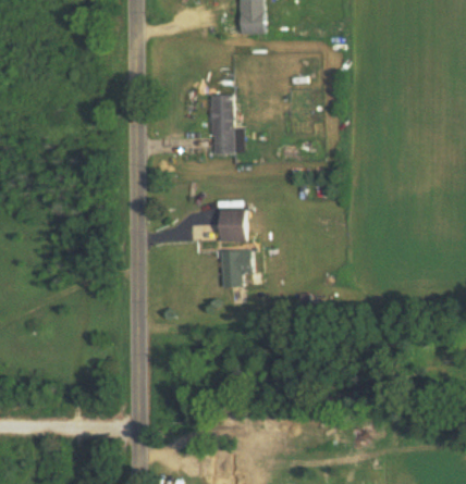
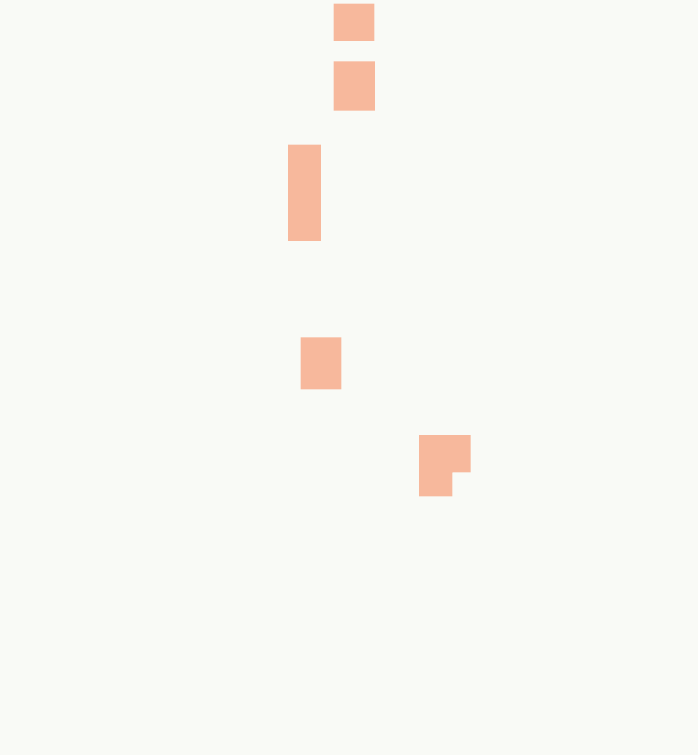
building: none -> [333,61,375,111]
building: [221,249,253,286] -> [418,434,471,497]

